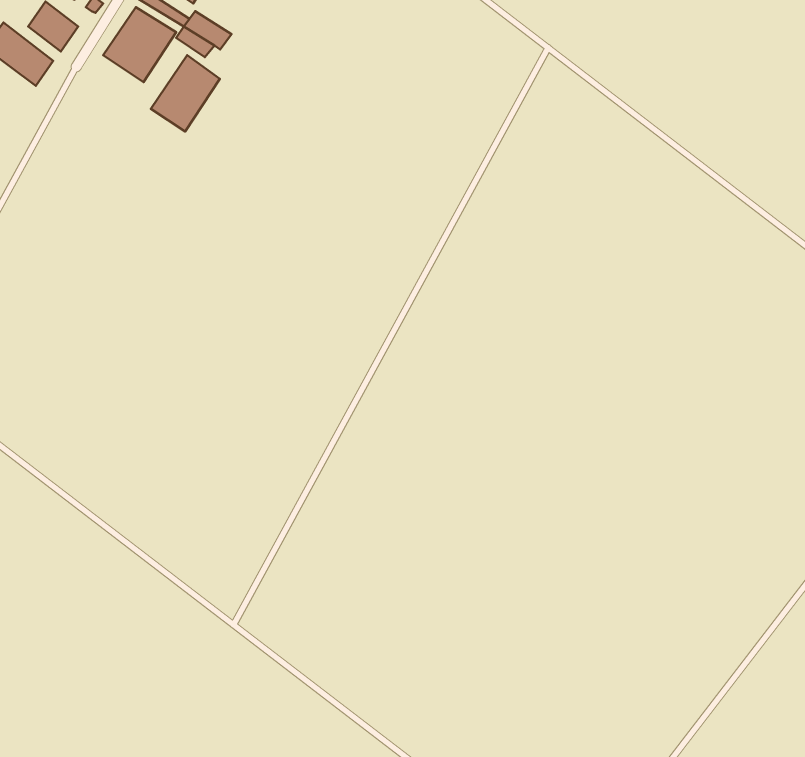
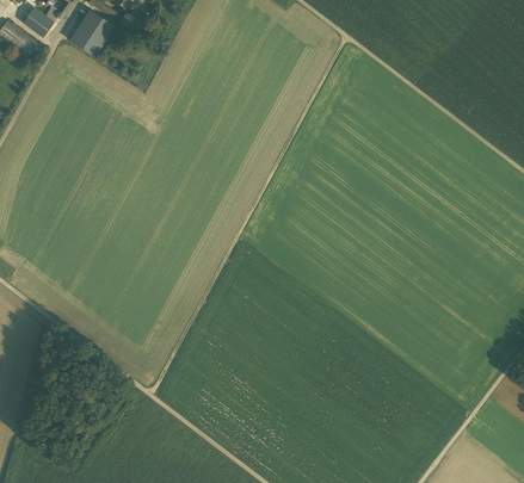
building: [151,55,220,132] -> none

